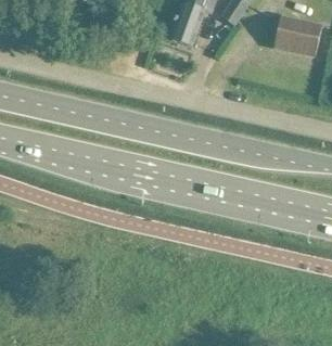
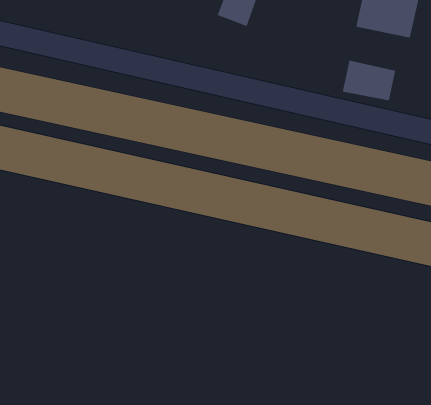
building: none -> [342,60,396,101]

